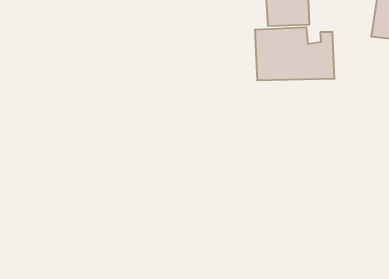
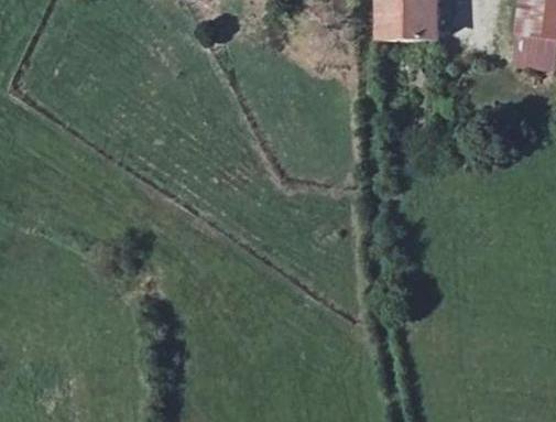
building: [255,27,334,81] -> none

